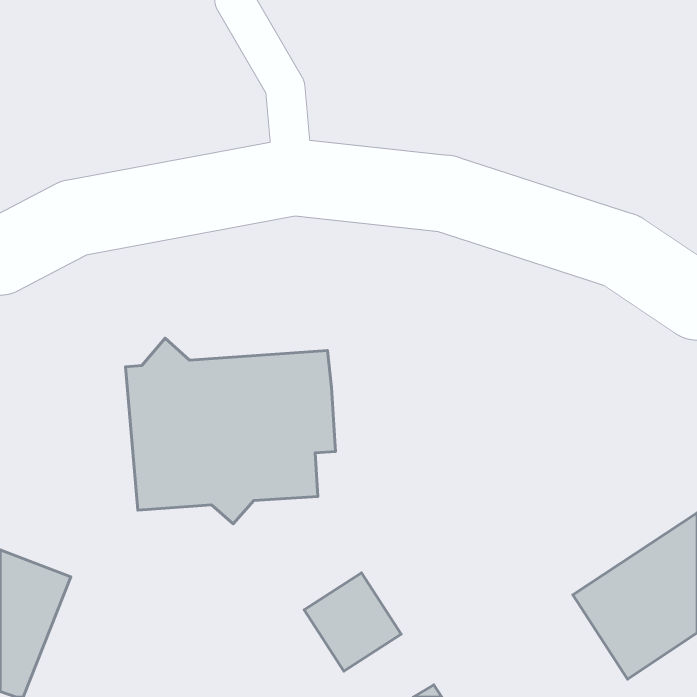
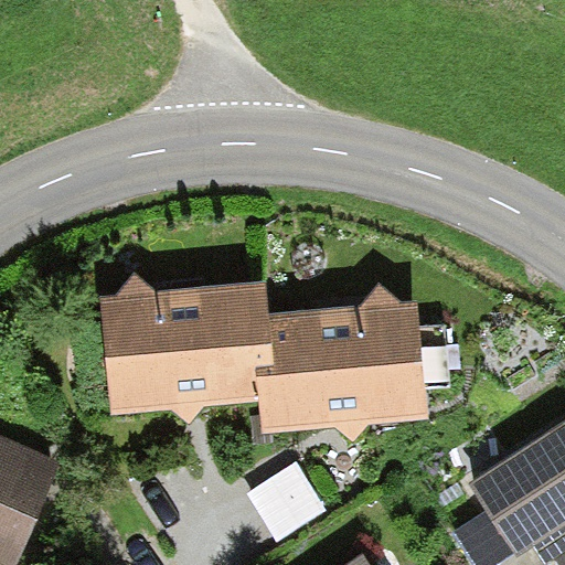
building: none -> [255,282,424,443]

